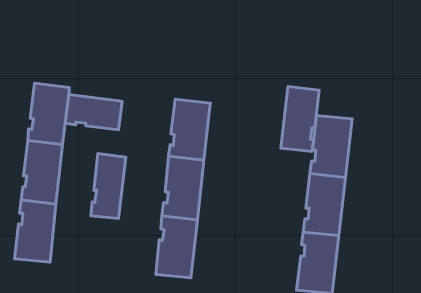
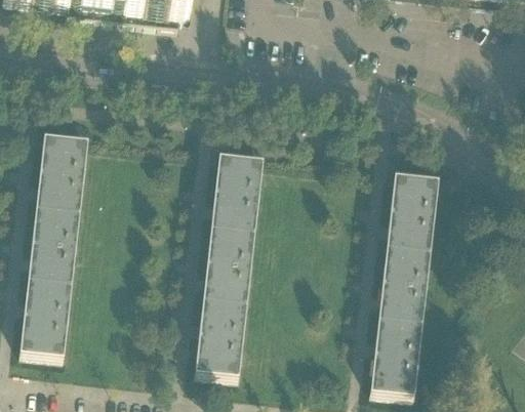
building: [281,86,319,152] -> none
building: [65,95,122,130] -> none
building: [91,154,126,219] -> none

